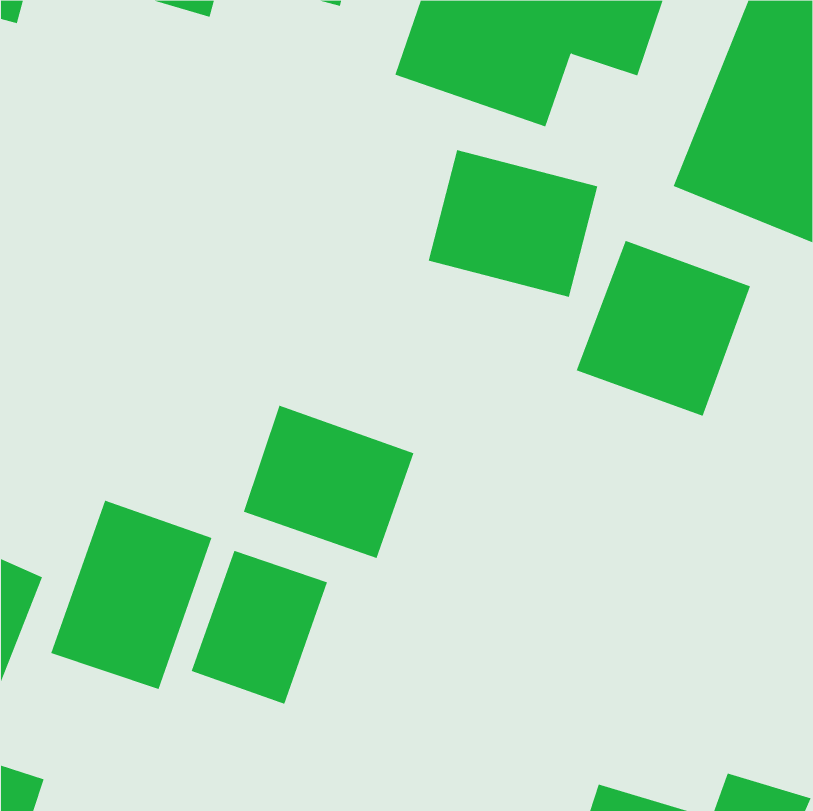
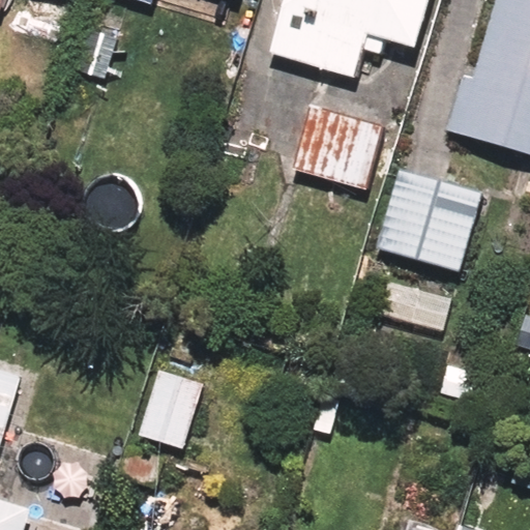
building: [243,405,414,559] -> none
building: [50,500,212,690] -> none

